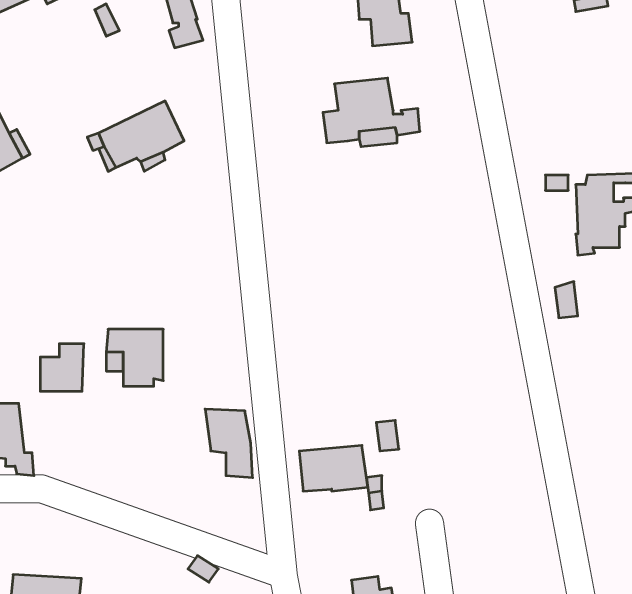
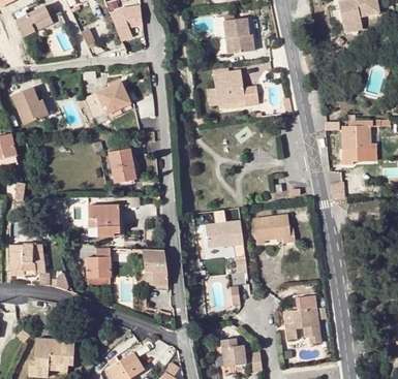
building: none -> [109,149,136,183]
building: [40,344,84,391] -> [87,251,111,277]
building: none -> [253,214,289,243]
building: [299,445,368,491] -> [206,220,243,245]
building: none -> [285,299,320,344]

